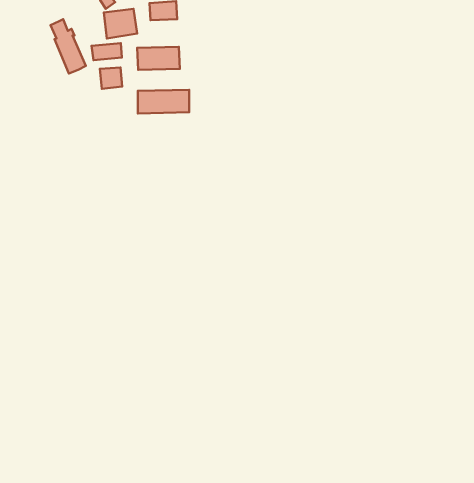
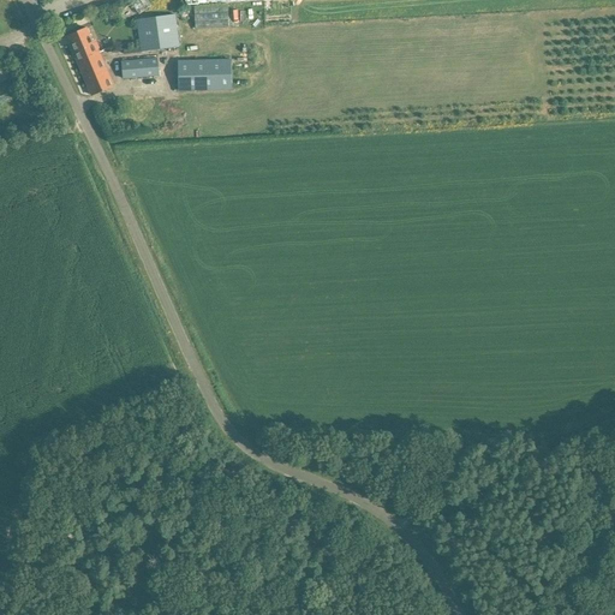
building: [100,67,122,89] -> none
building: [138,90,189,113] -> none

